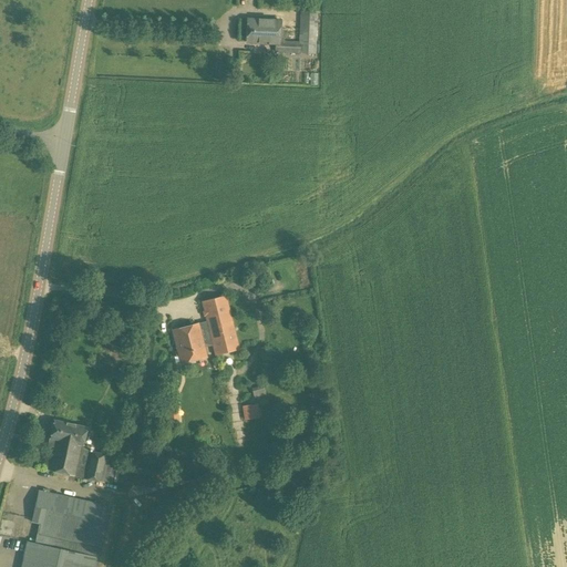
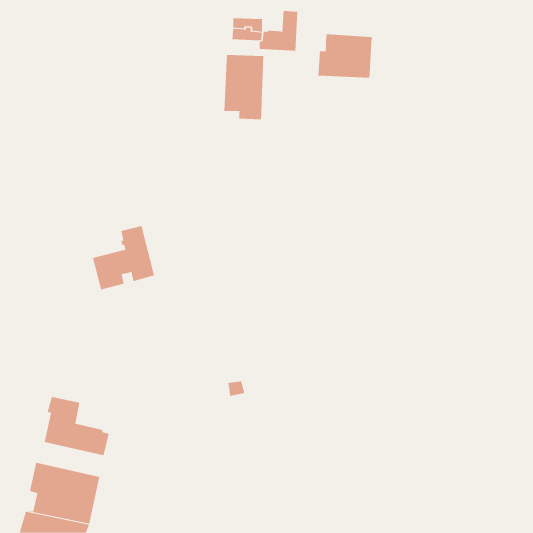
building: none -> [318,33,372,79]
building: none -> [224,54,264,120]
building: [172,296,238,364] -> [92,226,155,290]

